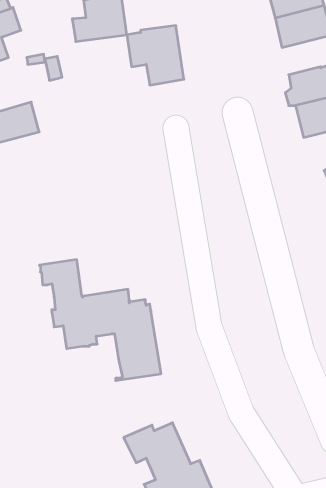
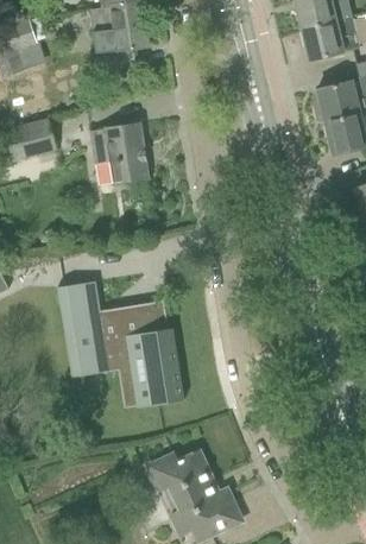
building: [127,26,184,85] -> [88,121,147,183]

